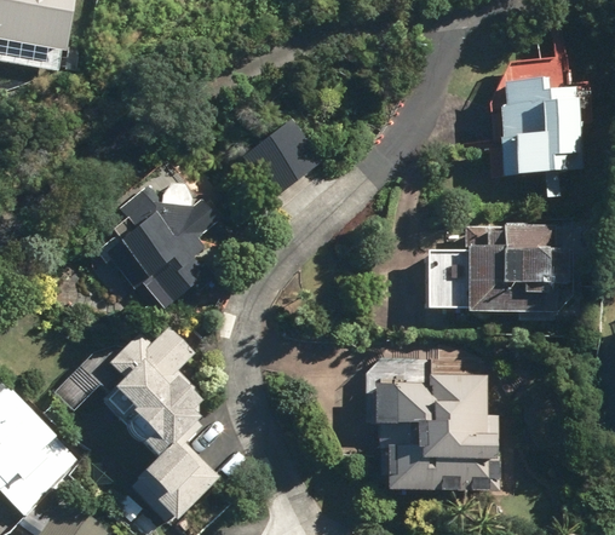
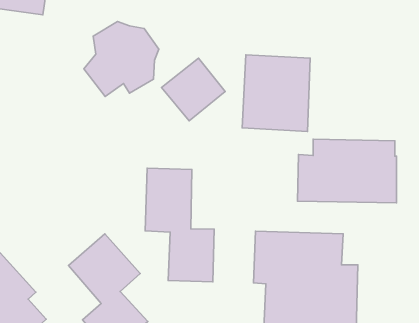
building: [488,68,584,176] -> [242,55,310,131]
building: [102,185,207,290] -> [84,22,159,96]
building: none -> [145,168,214,282]

